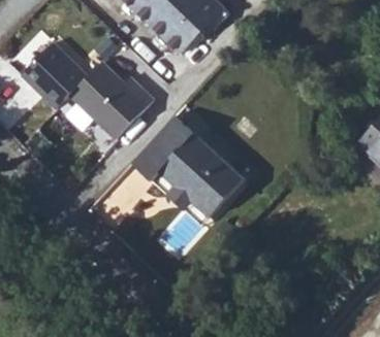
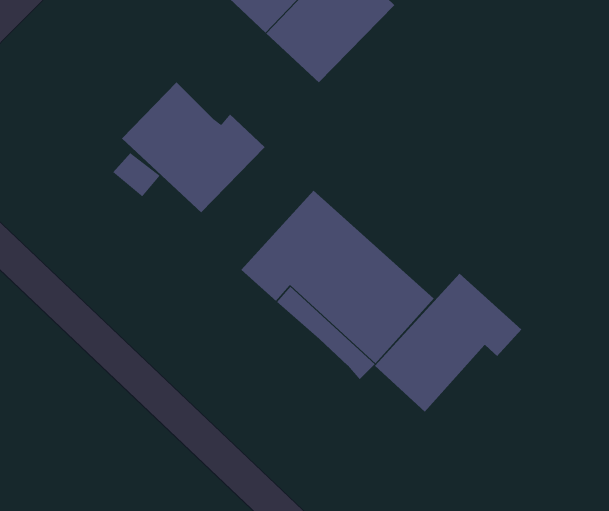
building: [21,38,88,104] -> none
building: none -> [374,273,522,413]

